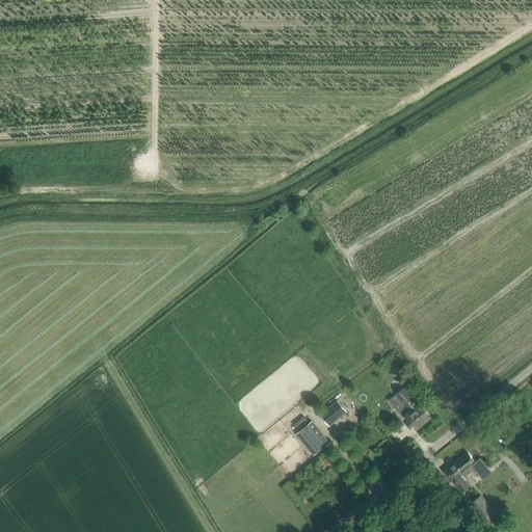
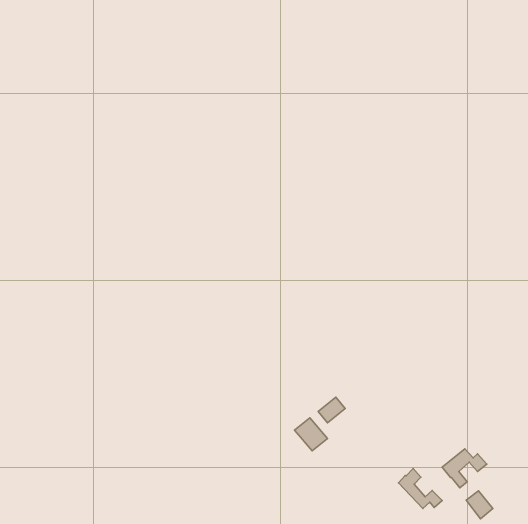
building: [396,390,430,430] -> none
building: none -> [398,469,442,508]

